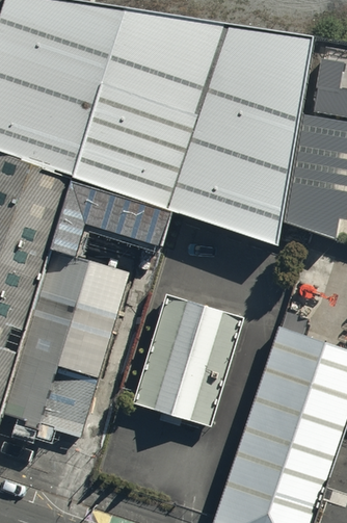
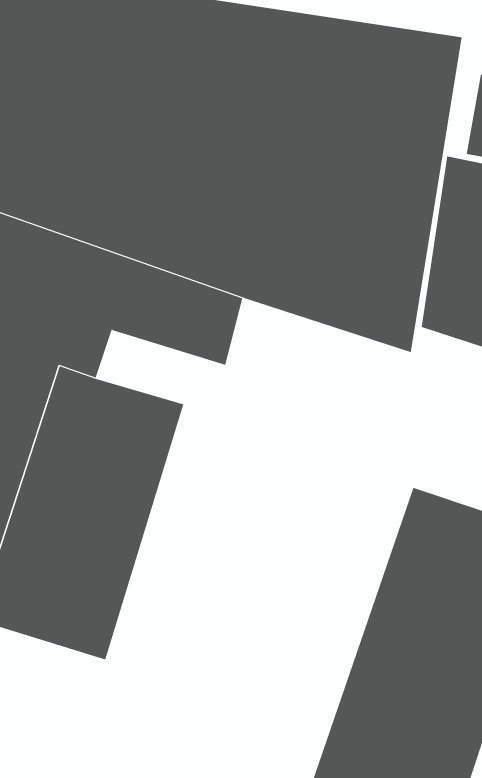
building: [135,298,244,427] -> none

